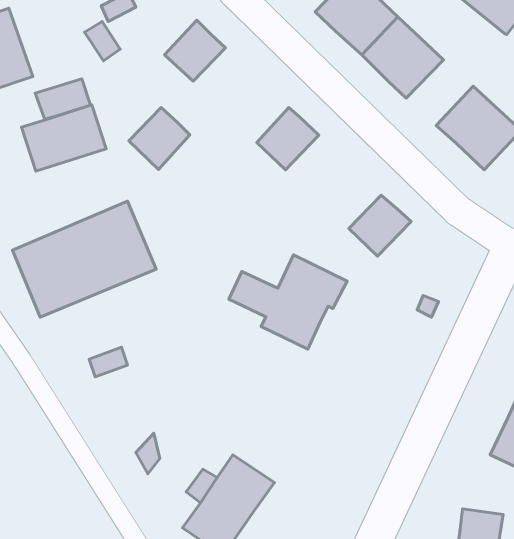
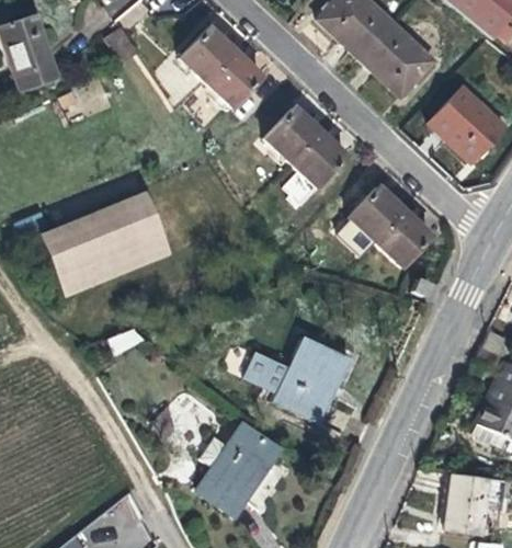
building: [21,105,106,171] -> none
building: [129,107,190,170] -> [206,50,262,107]
building: none -> [291,130,348,187]
building: none -> [375,209,432,266]
building: [229,255,347,349] -> [243,334,352,421]

